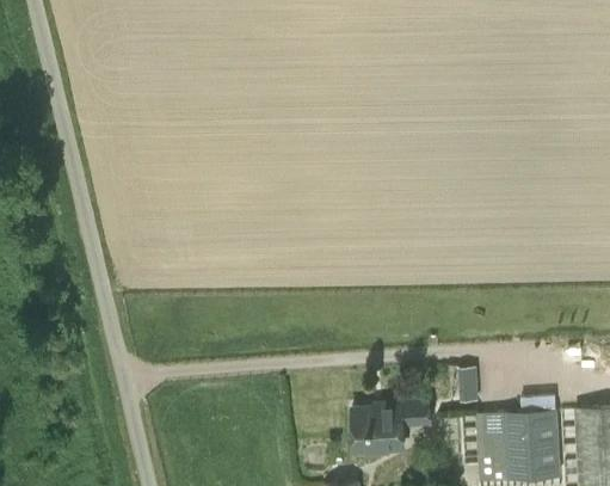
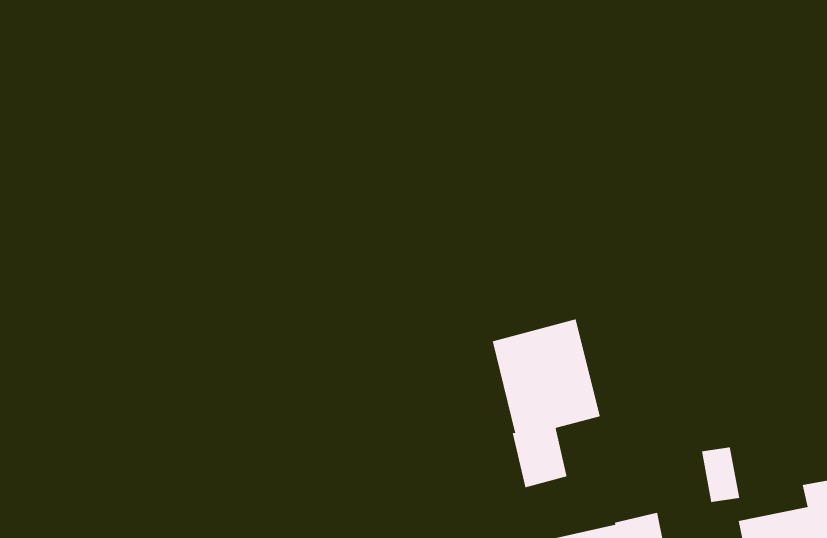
building: none -> [492,318,600,488]

